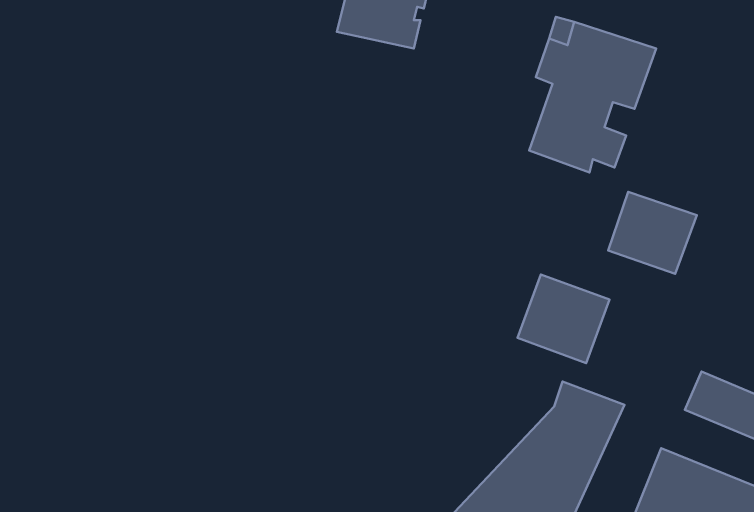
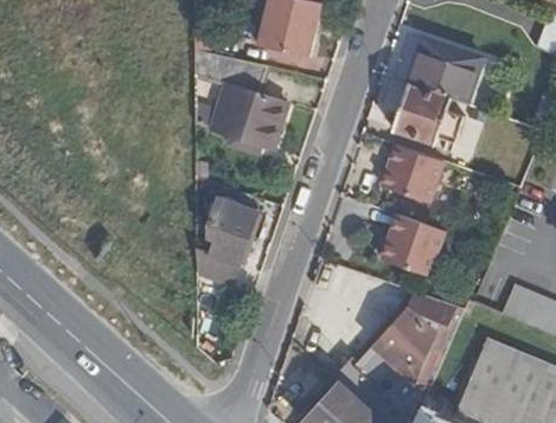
building: none -> [196,49,286,149]
building: [608,192,697,274] -> [383,143,446,201]
building: none -> [197,197,258,283]

